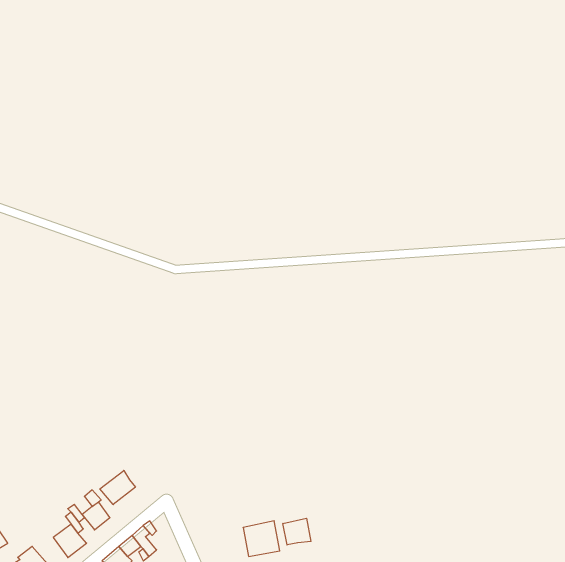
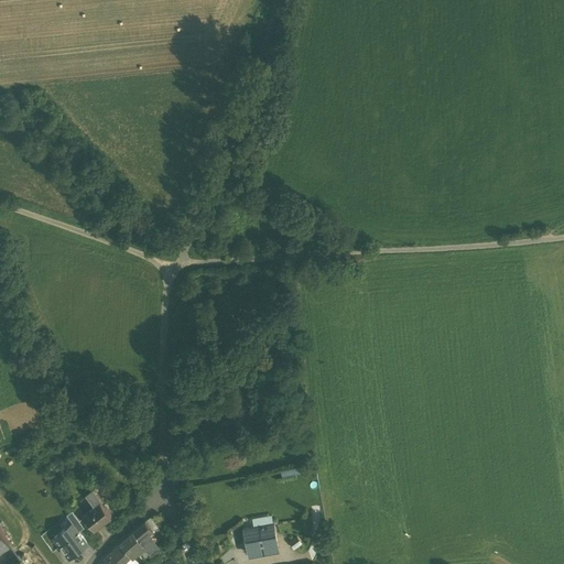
building: [100,470,135,505] -> none
building: [283,518,311,545] -> none

